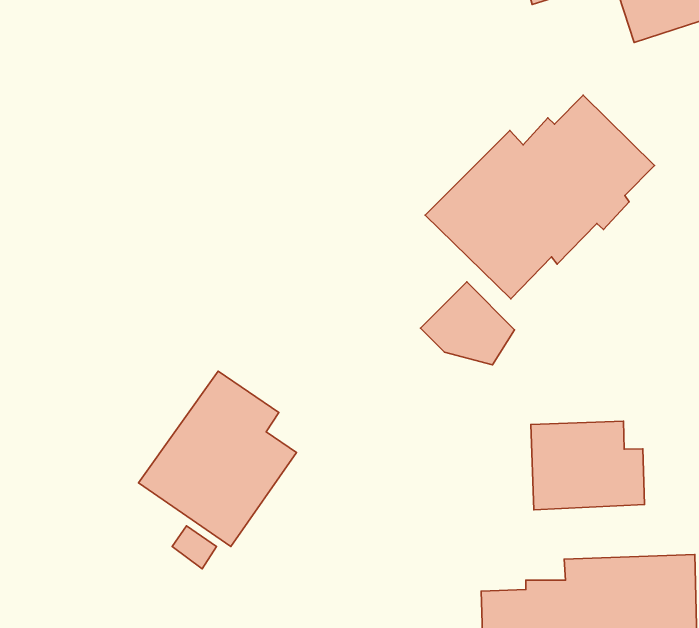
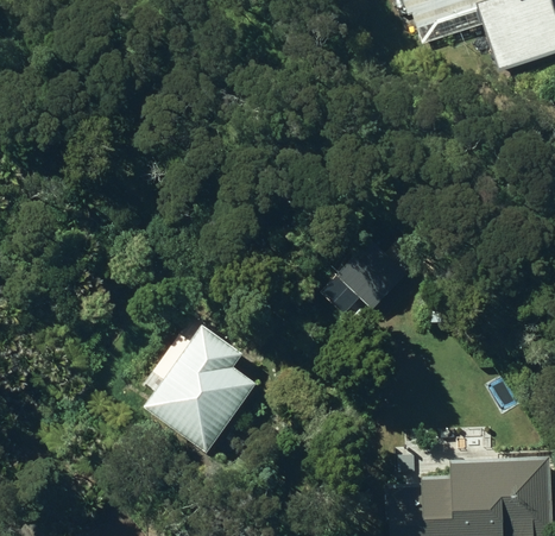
building: [425,95,655,299] -> none
building: [531,421,644,510] -> none

